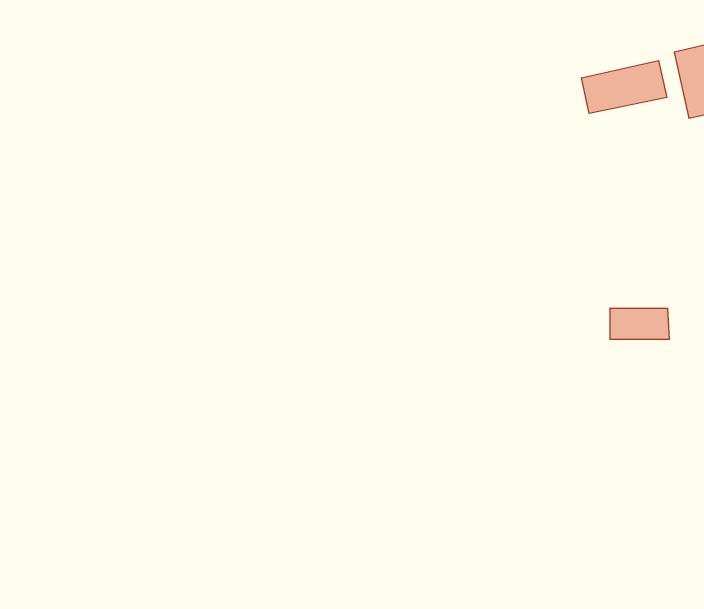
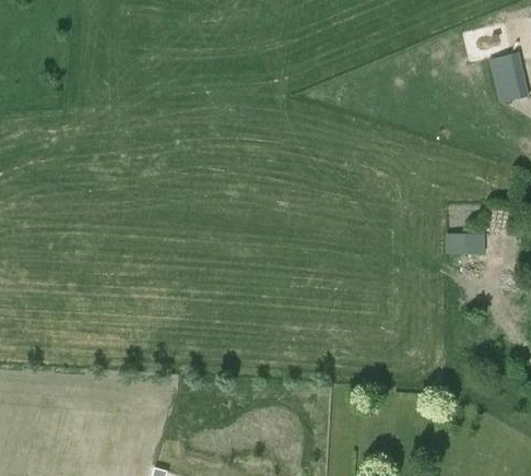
building: [582,61,667,113] -> none

